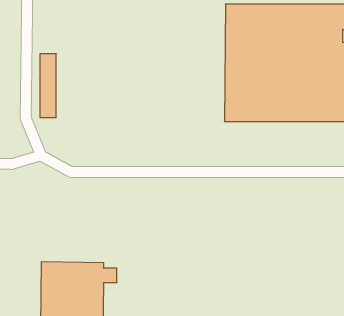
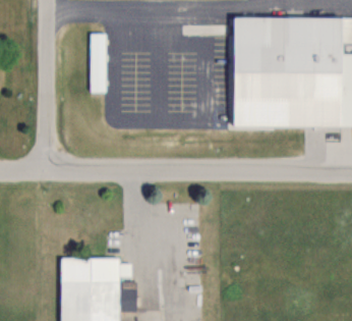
building: [40,54,56,117] -> [91,34,106,93]

